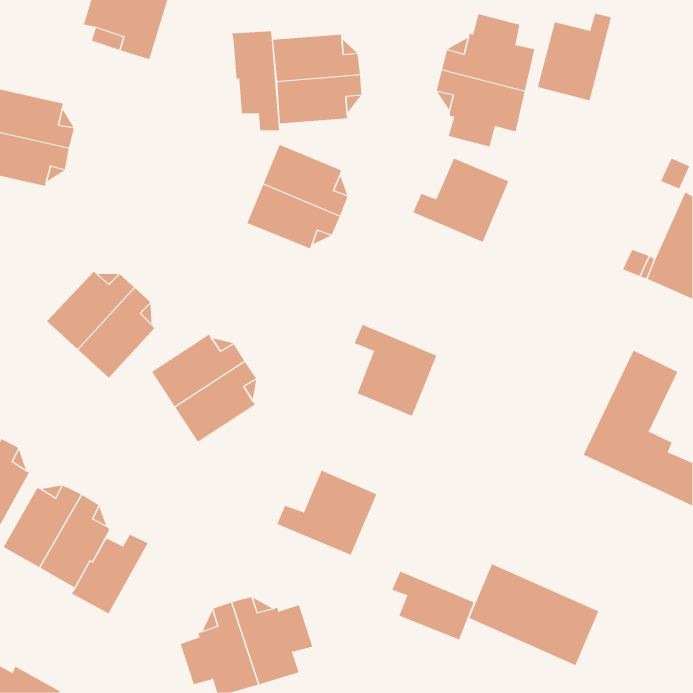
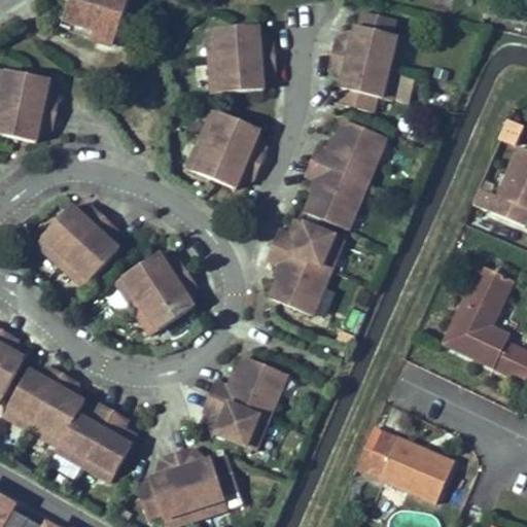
building: [537,13,611,101] -> none
building: [232,31,279,131] -> none
building: none -> [304,161,365,230]
building: none -> [274,220,343,269]
building: none -> [82,411,135,481]
building: [392,571,475,640] -> [203,396,266,449]

